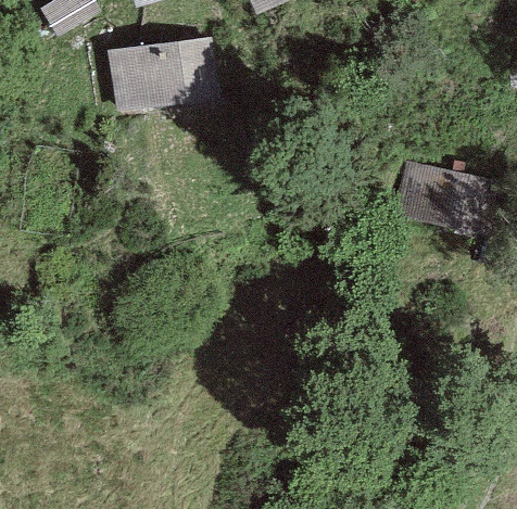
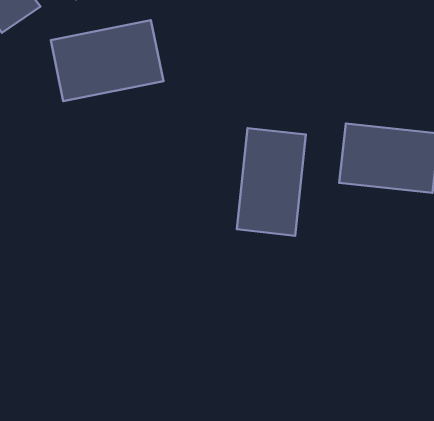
building: none -> [237,128,306,236]

